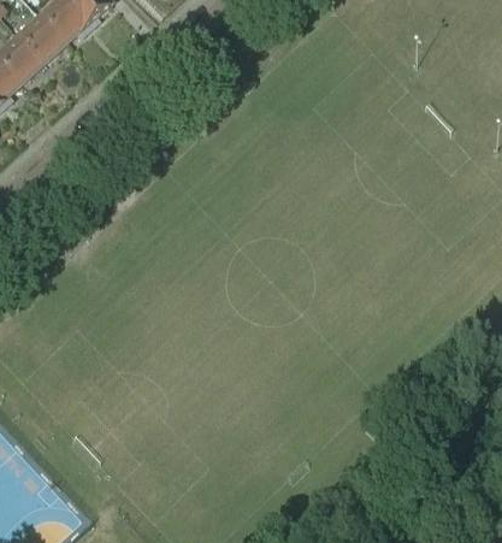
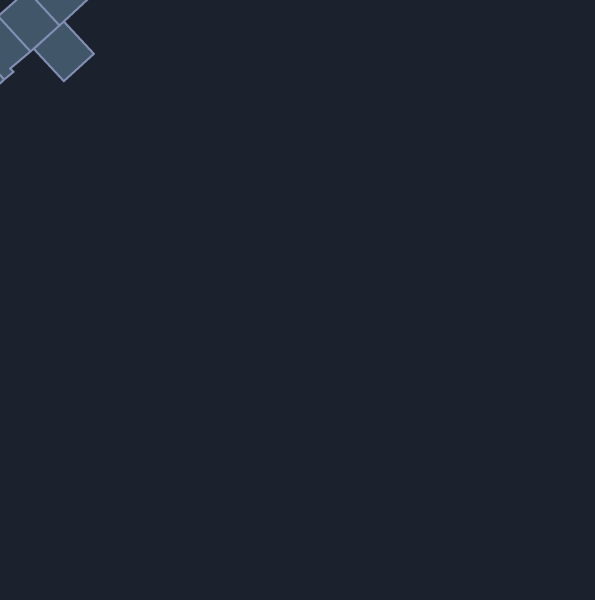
building: none -> [34,22,94,81]

